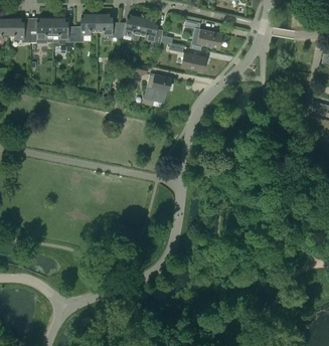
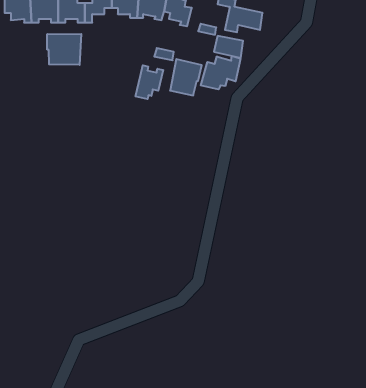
building: none -> [47,34,81,65]
building: none -> [201,56,241,89]
building: none -> [136,65,163,99]

